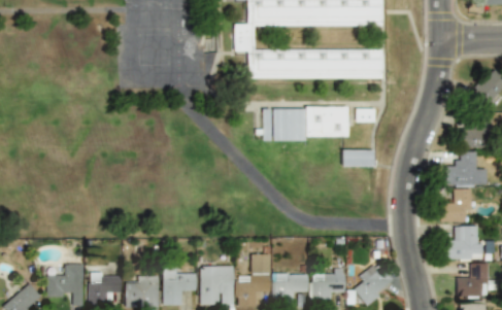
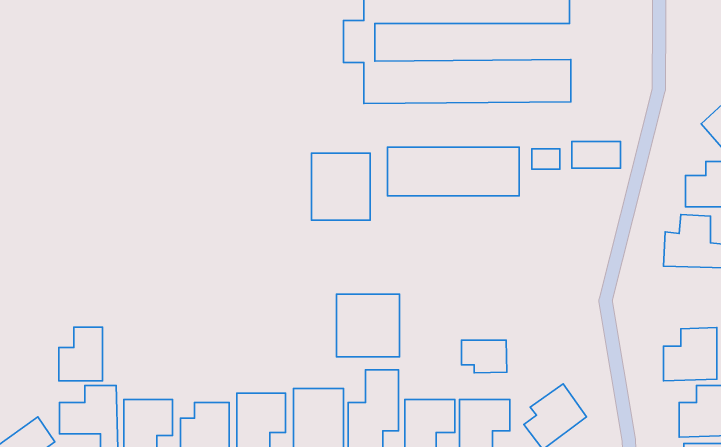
building: none -> [312,153,370,220]
building: [343,149,375,167] -> [572,142,620,168]
building: [438,188,470,221] -> none
building: none -> [336,294,399,357]
building: none -> [59,327,103,381]
building: none -> [462,340,507,373]

